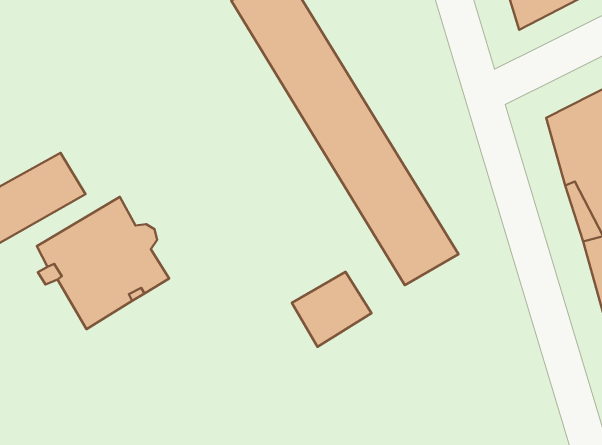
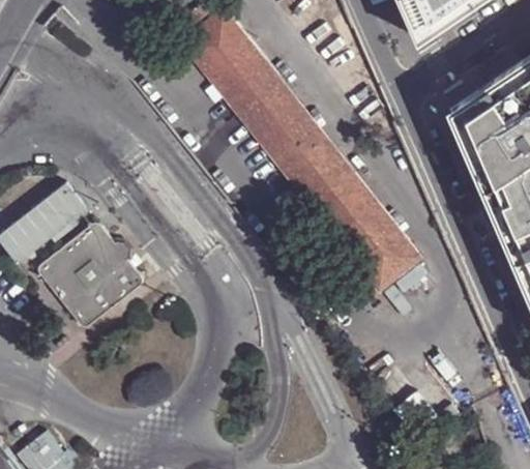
building: [292,272,372,347] -> [353,228,418,291]

